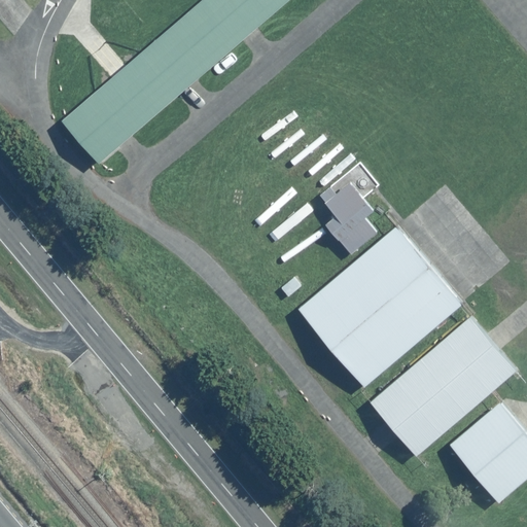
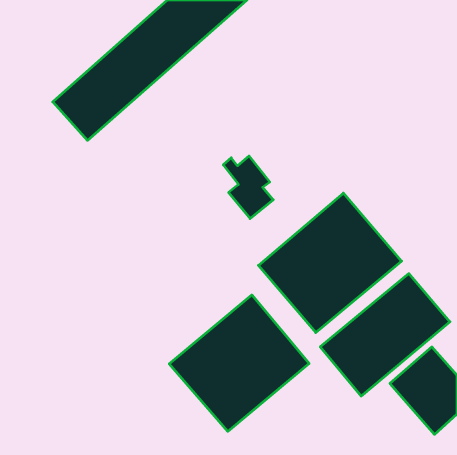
building: [318,184,376,256] -> [223,156,273,219]
building: none -> [169,295,309,431]

